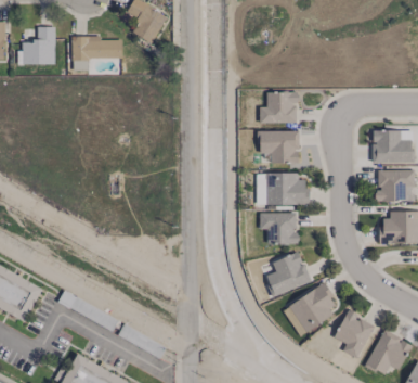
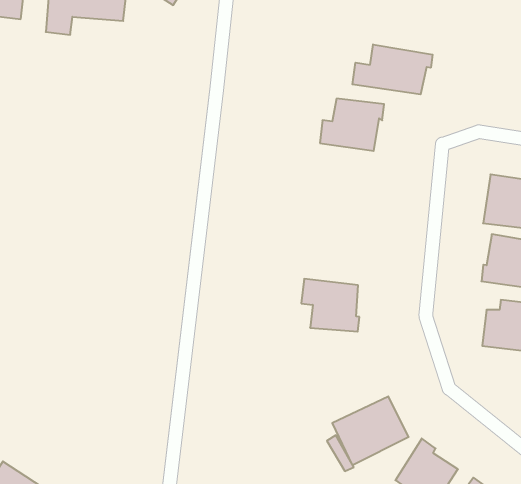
building: none -> [352,44,433,94]
building: [259,130,299,163] -> none
building: [256,173,304,205] -> none
building: [265,252,310,296] -> none

